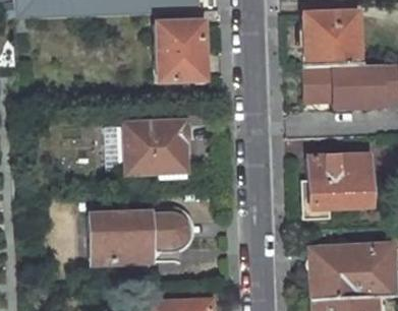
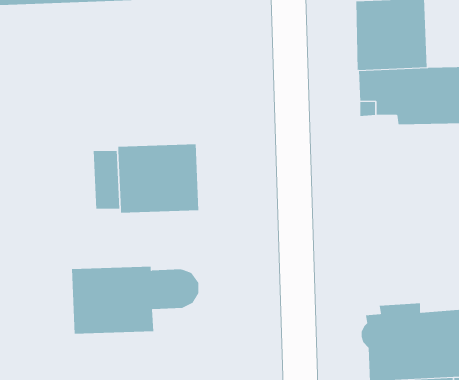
building: [156,21,205,80] -> none
building: [306,153,373,217] -> none

